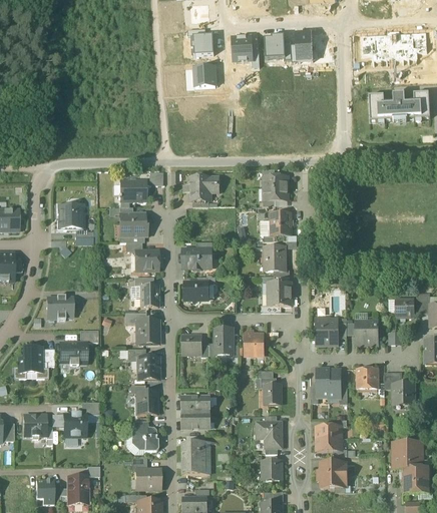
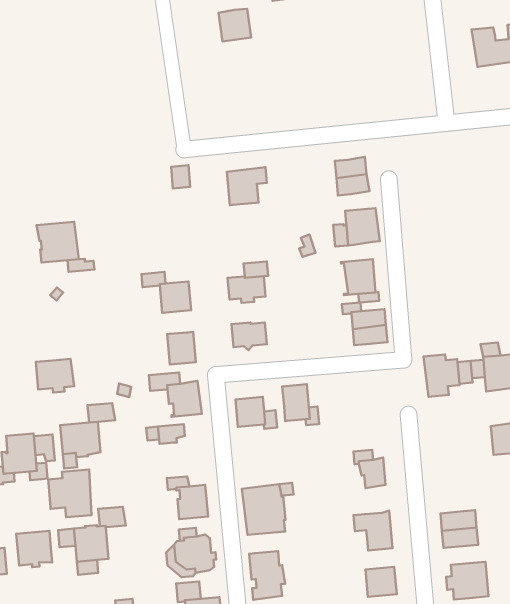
building: [118,180,146,201] -> none
building: [121,213,146,236] -> none
building: [245,330,263,354] -> none
building: [137,357,158,379] -> none
building: [317,369,341,397] -> none
building: none -> [48,469,91,517]

